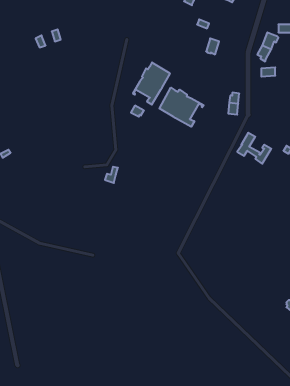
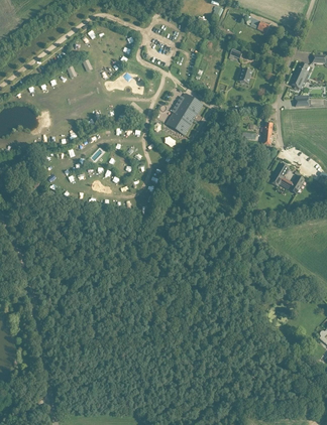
building: [159,88,204,127] -> none

